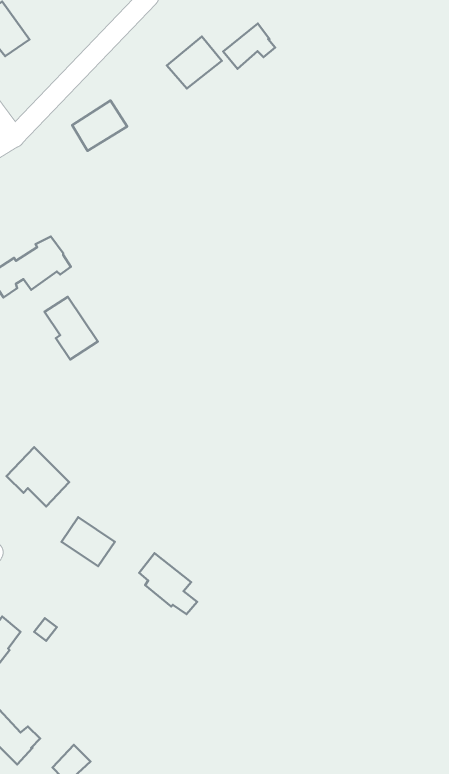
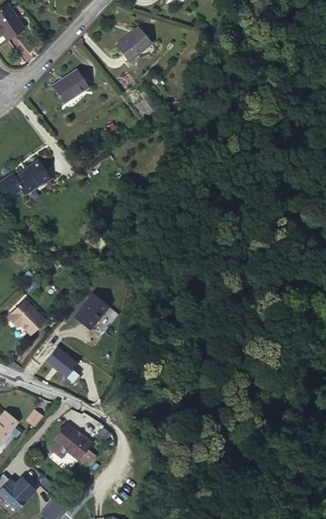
building: [223,23,275,69] -> none
building: [45,297,98,359] -> none
building: none -> [72,293,111,333]
building: [139,553,197,614] -> [57,424,95,464]

